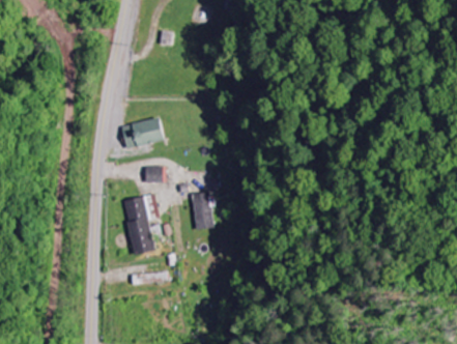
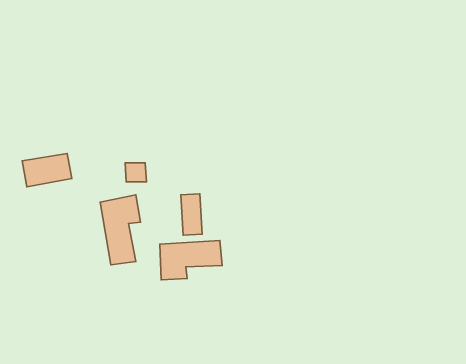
building: [121,118,165,147] -> [22,154,72,187]
building: none -> [160,241,222,280]

